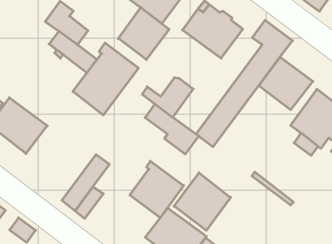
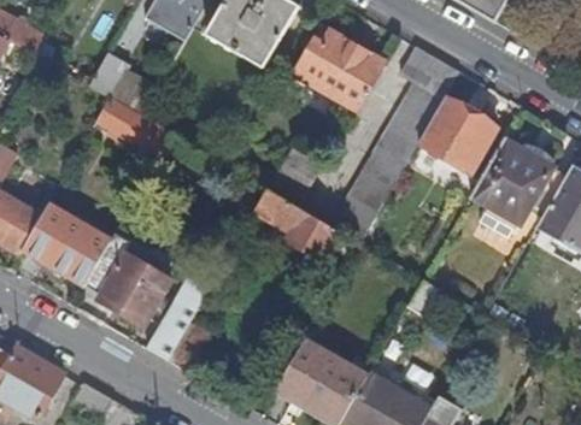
building: [118,7,169,60] -> none
building: [73,43,138,115] -> none
building: none -> [99,252,174,325]
building: [130,161,184,218] -> none
building: [174,173,231,230] -> none

